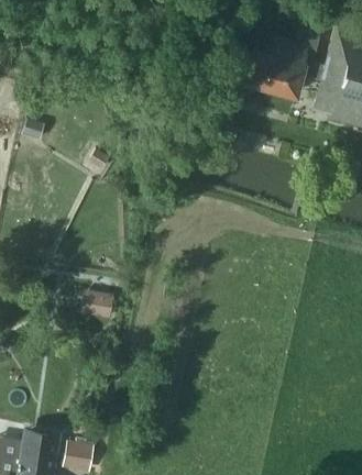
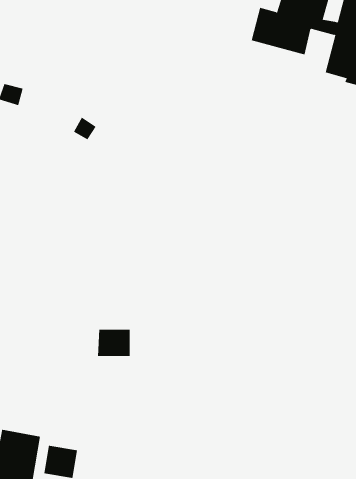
building: [81,292,111,317] -> [97,329,131,356]

